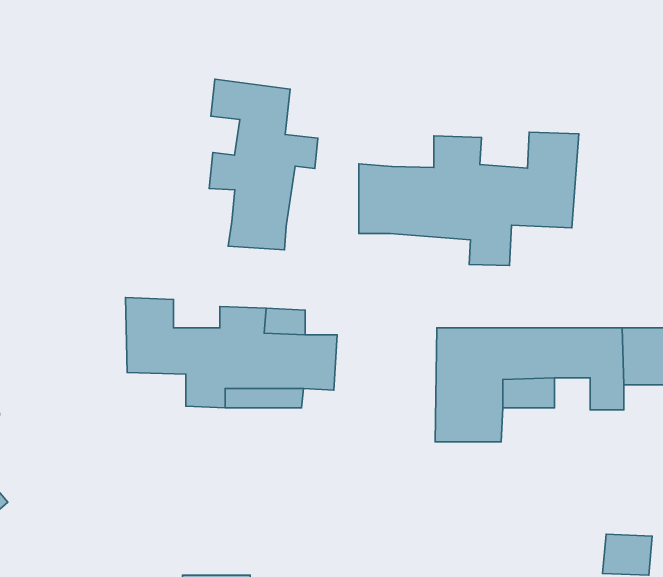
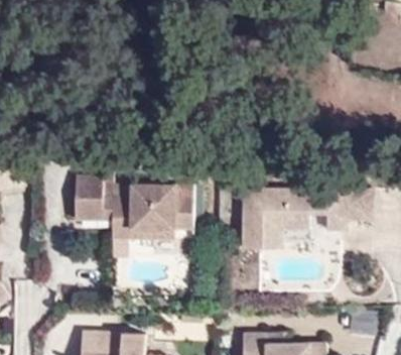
building: [209,79,318,250] -> none
building: [359,132,579,265] -> none

